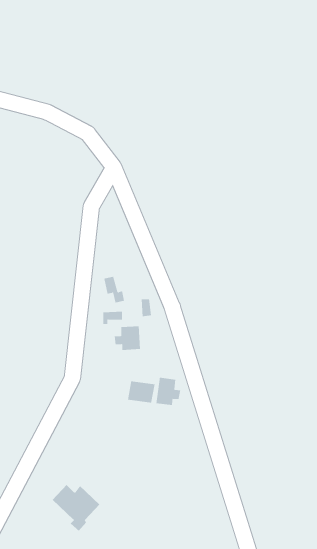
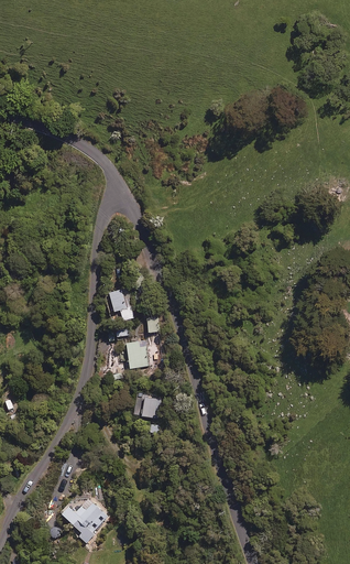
building: [156,377,181,406] -> none

